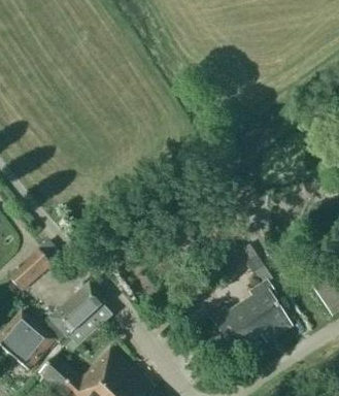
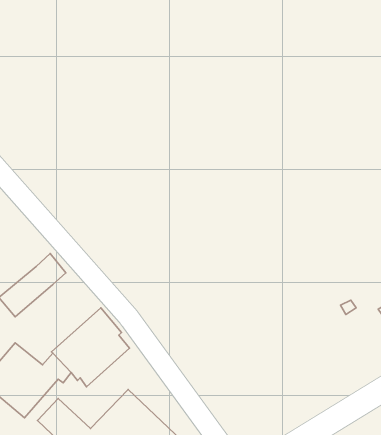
building: [210,244,291,360] -> none

